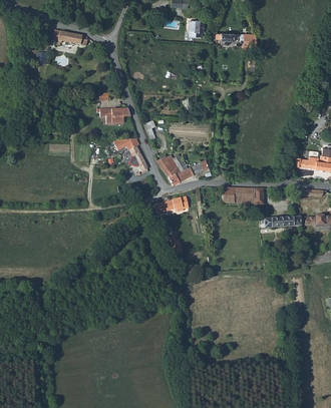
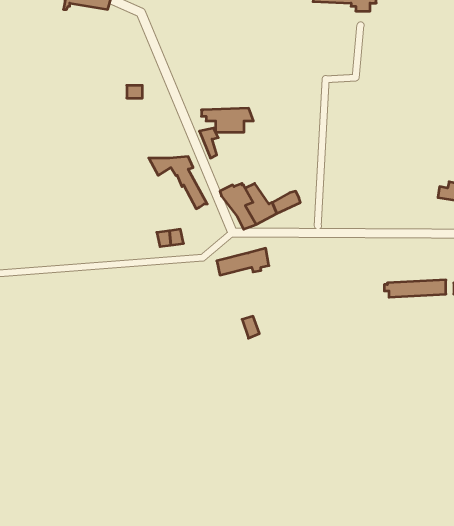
building: [96,108,129,123] -> [201,108,253,132]
building: [222,187,263,208] -> none

